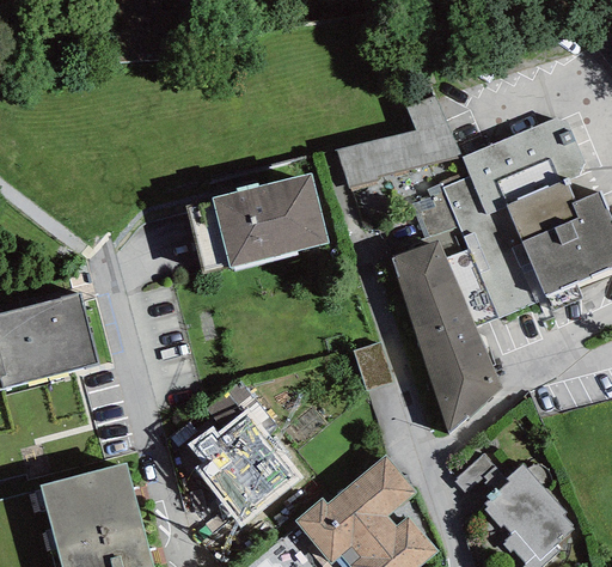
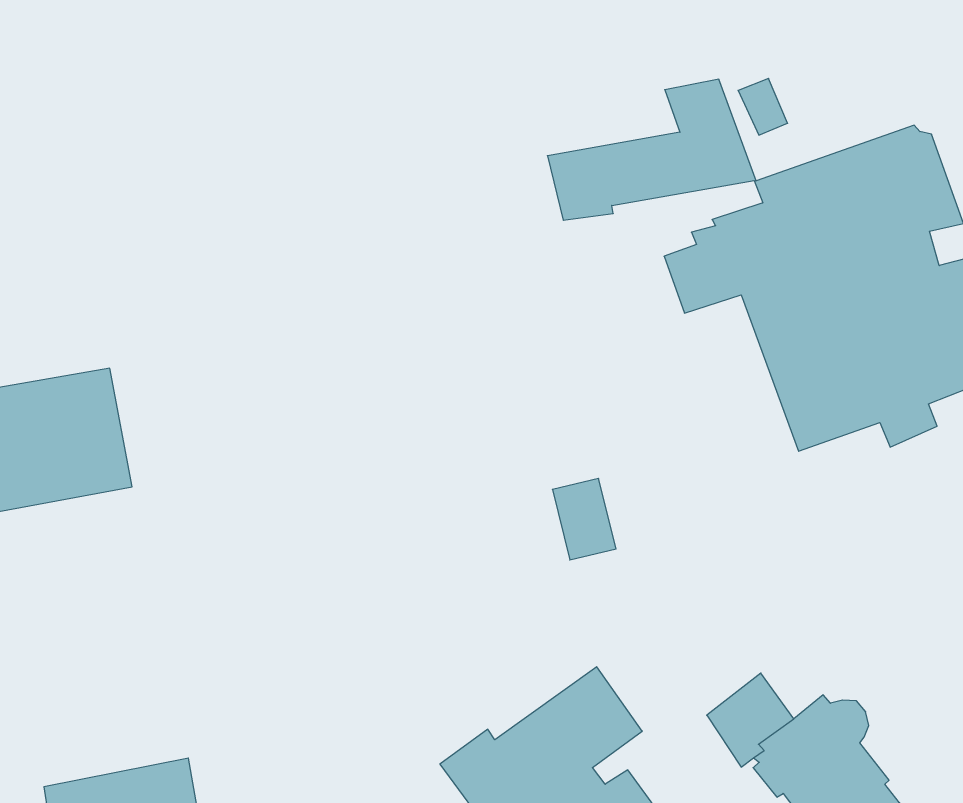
building: [210,172,329,267] -> none
building: [391,240,501,434] -> none
building: [185,408,302,528] -> none
building: [39,462,142,548] -> none

